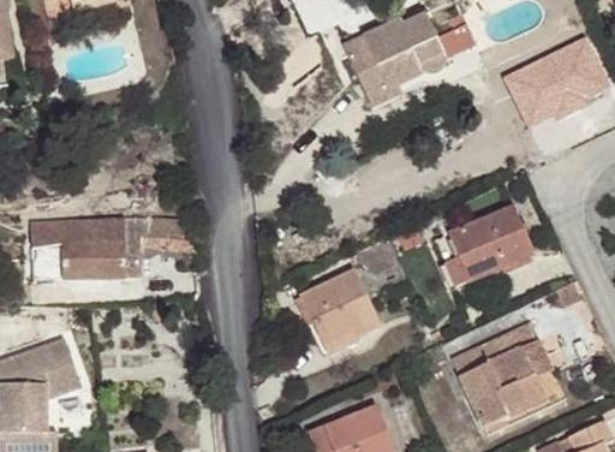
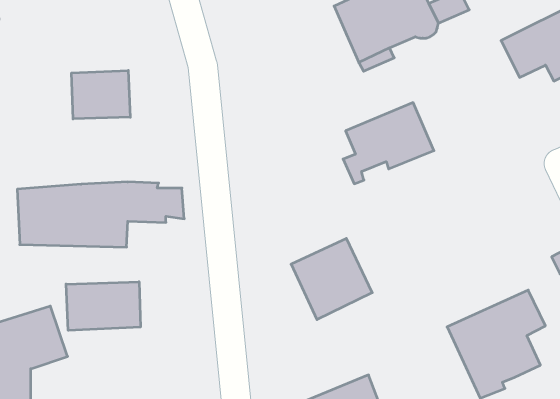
building: none -> [72,70,130,119]
building: [446,204,535,284] -> [343,103,434,184]
building: none -> [66,282,140,330]

